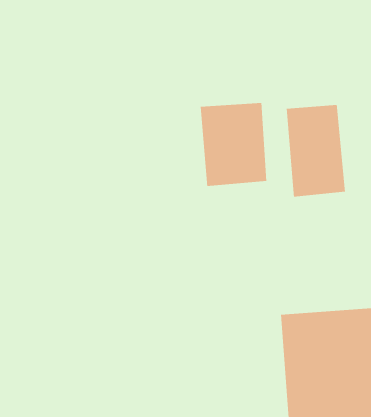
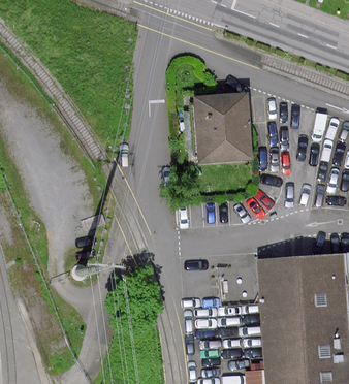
building: [286,104,345,198] -> none

